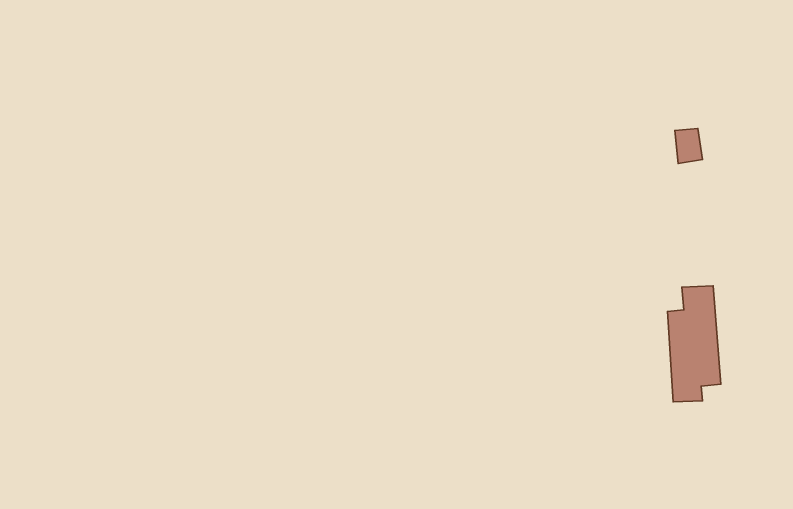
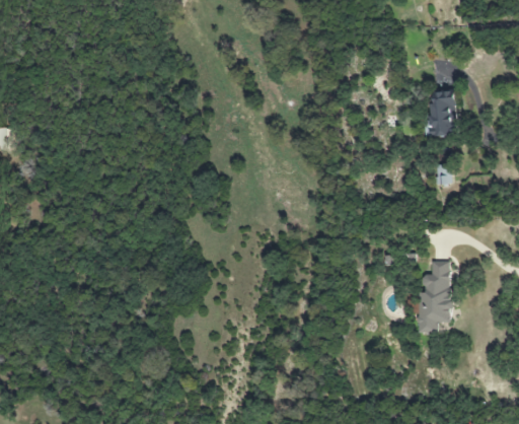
building: none -> [424,90,454,136]

